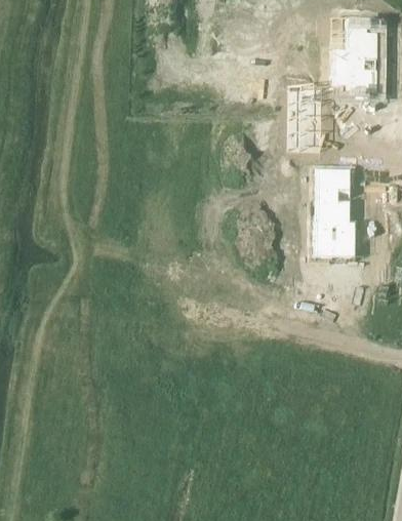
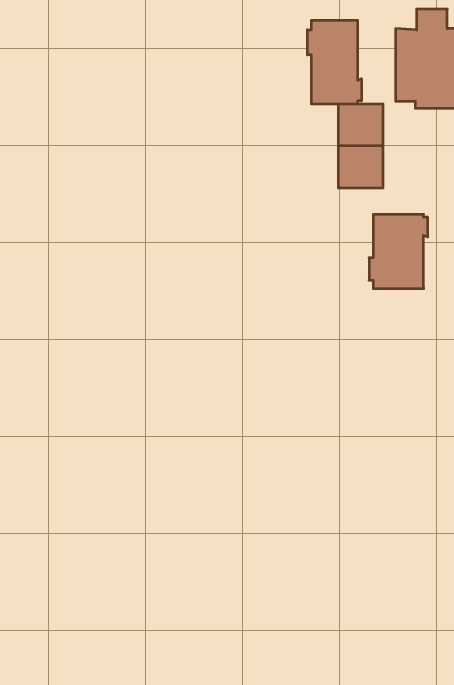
building: none -> [307,20,361,104]
building: [311,222,355,260] -> none

